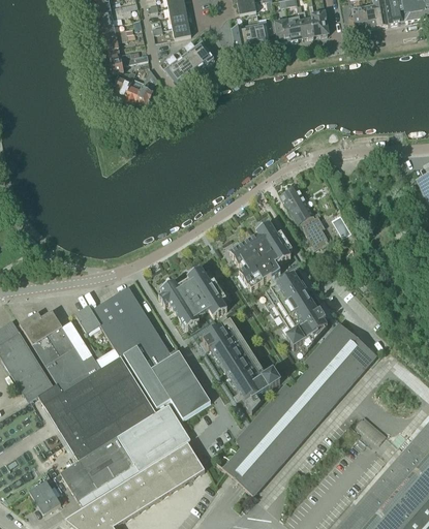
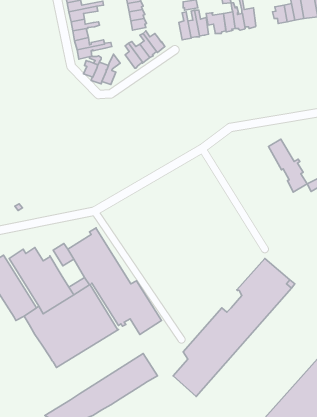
building: [281,186,330,252] -> [268,139,307,192]
building: [229,224,293,290] -> none
building: [158,268,226,330] -> none
building: [265,274,329,353] -> none
building: [200,318,280,413] -> none
building: [61,404,190,501] -> none
building: [29,479,60,514] -> none

